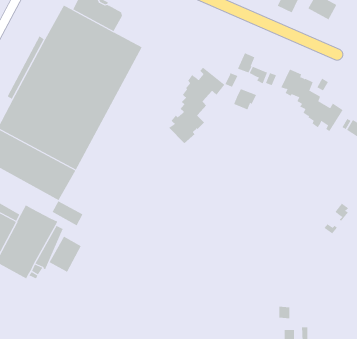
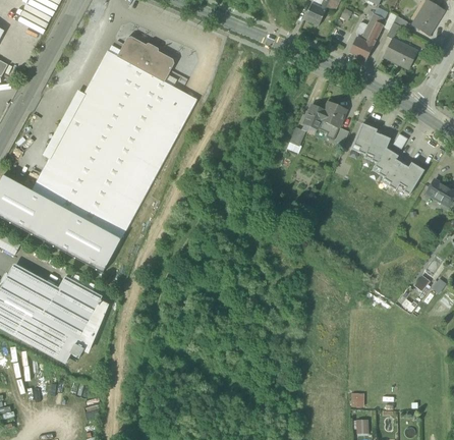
building: [168,67,225,144] -> none
building: [233,88,257,111] -> [320,102,346,127]
building: [52,201,84,226] -> none
building: [49,236,82,273] -> none

